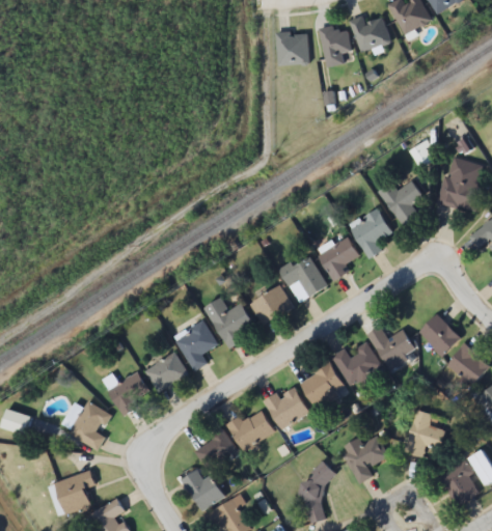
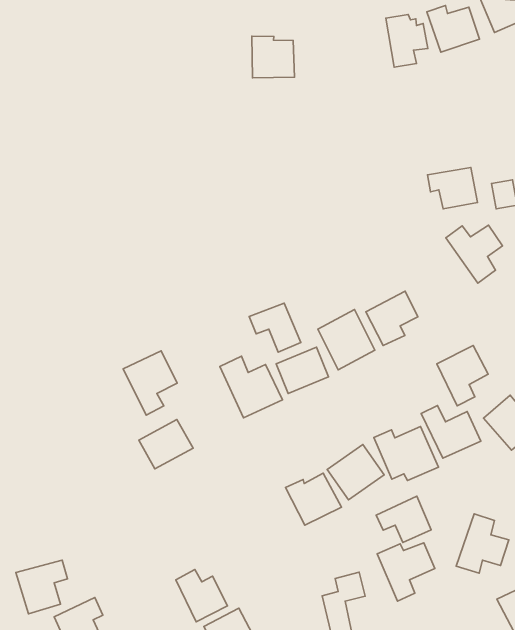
building: [274,25,310,59] -> [252,36,294,78]
building: none -> [428,167,478,209]
building: [350,211,391,259] -> [437,346,488,406]
building: none -> [249,303,301,352]
building: [173,320,217,372] -> [123,351,177,415]
building: [108,372,149,417] -> none
building: none -> [376,496,431,542]
building: [66,400,109,451] -> none
building: [226,411,275,452] -> none
building: [195,428,236,470] -> none

